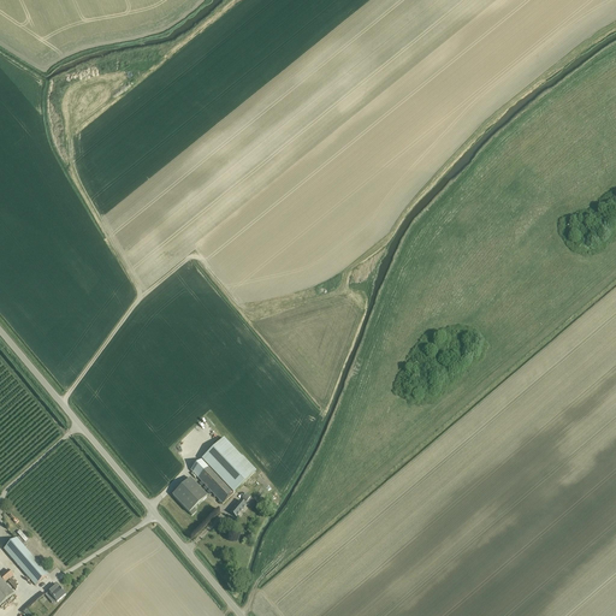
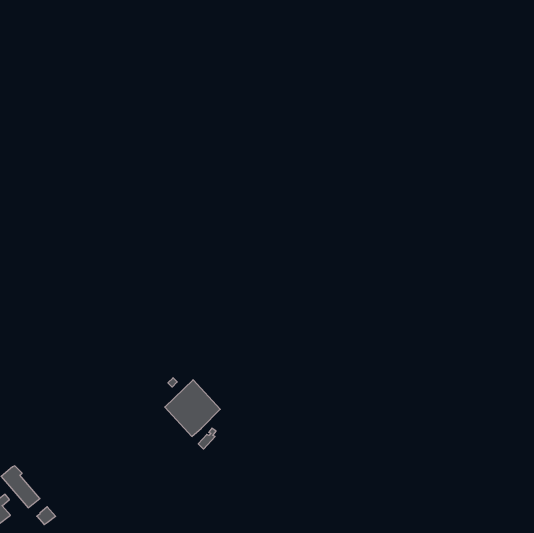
building: [170,475,205,513] -> none

